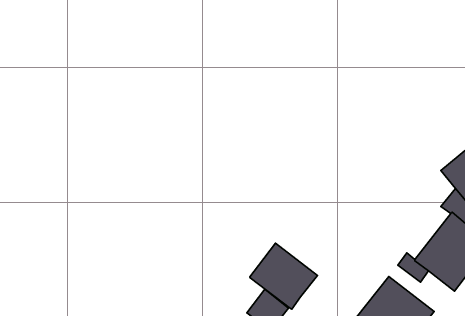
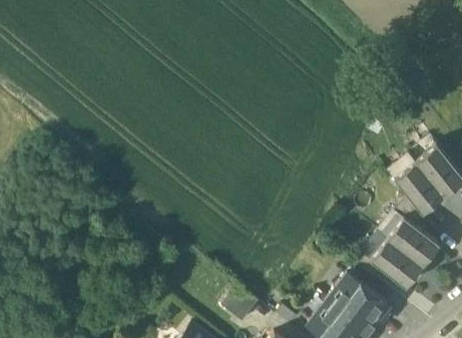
building: [250,243,317,309] -> none

